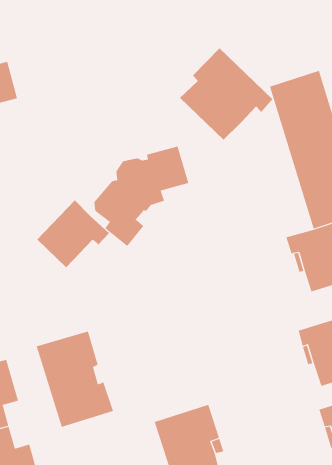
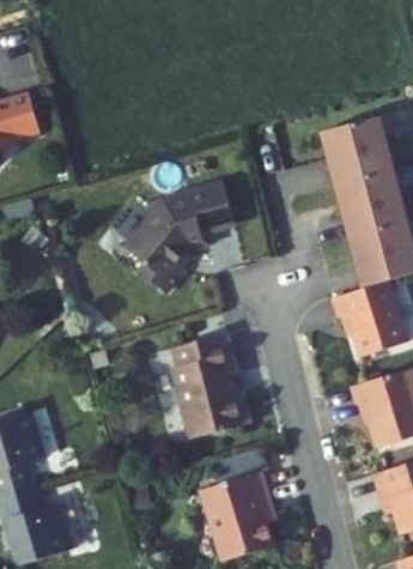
building: [179,47,273,141] -> none
building: [37,200,110,268] -> none
building: [36,331,114,428] -> [162,337,247,442]

